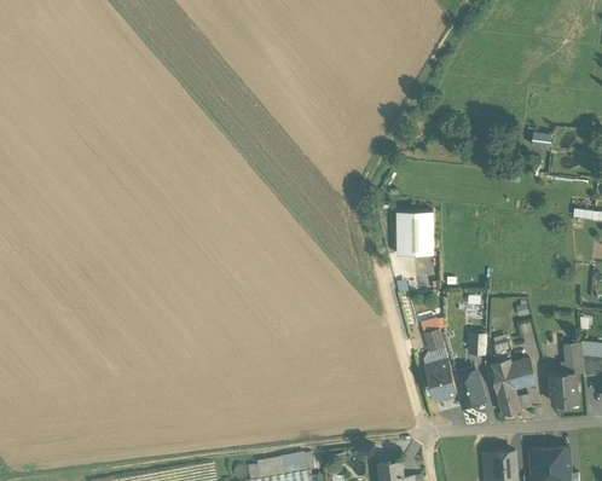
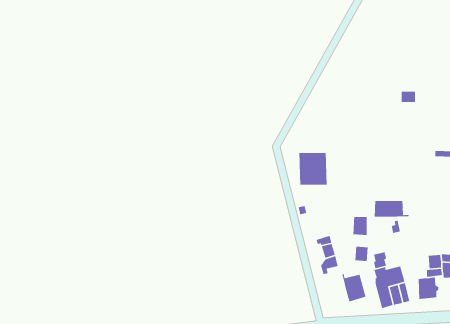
building: none -> [374,200,409,218]
building: [428,360,458,401] -> none

